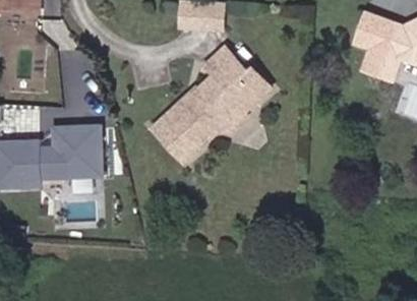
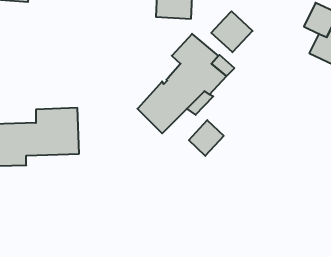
building: none -> [211,11,253,52]
building: none -> [189,120,224,156]

